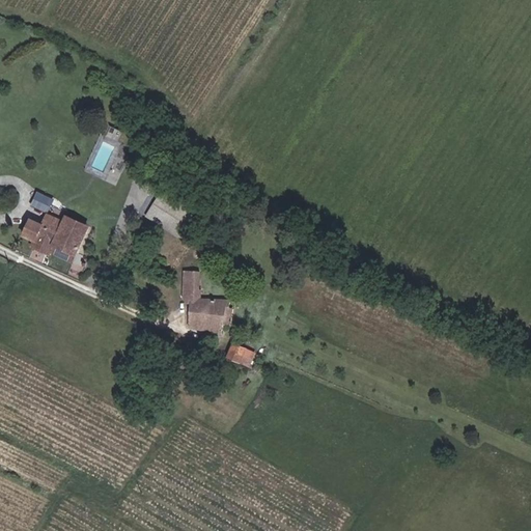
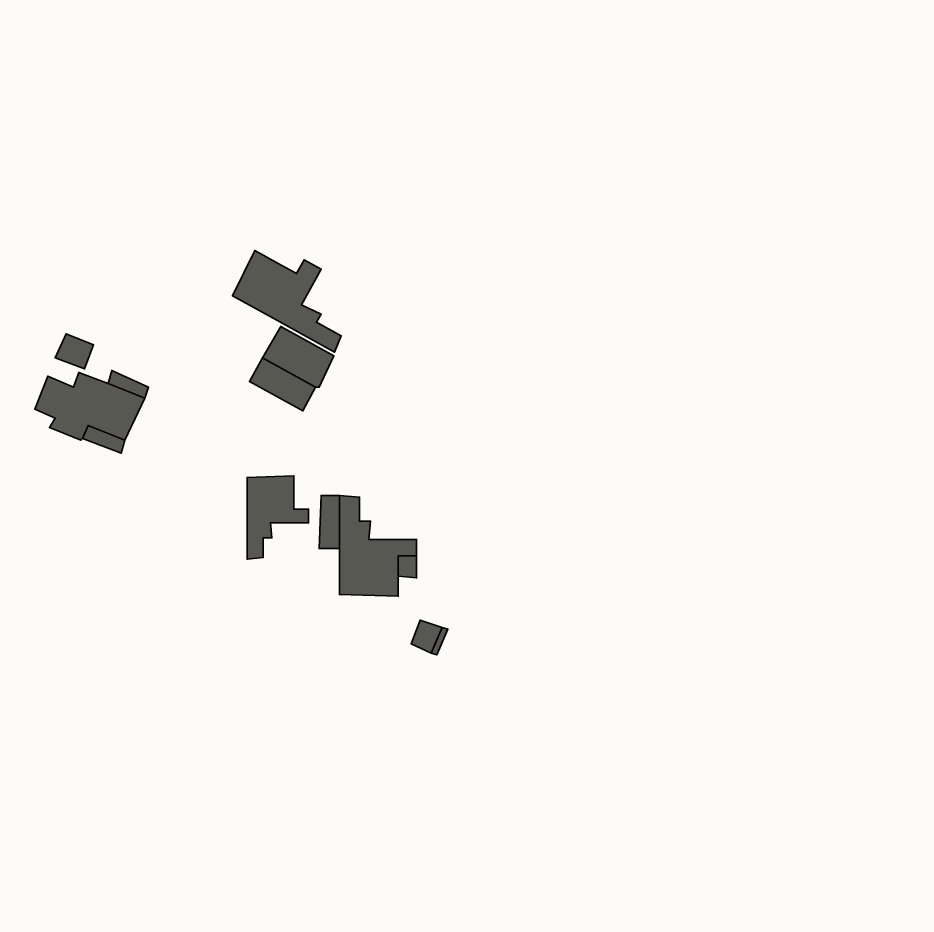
building: none -> [233,251,341,352]
building: none -> [247,476,309,559]

